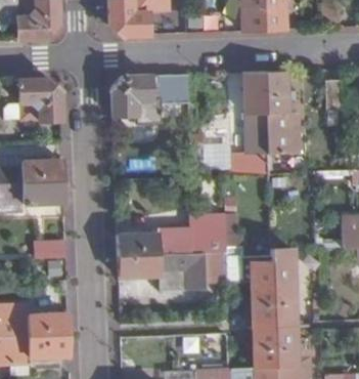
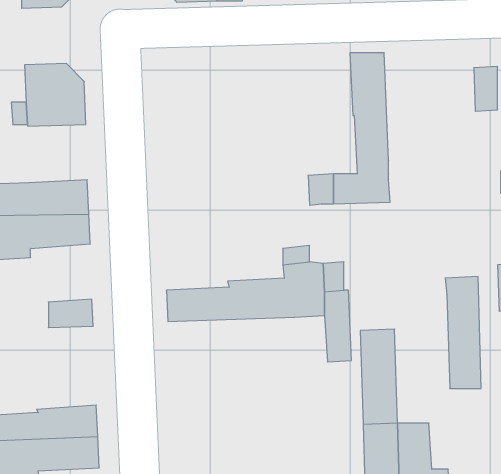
building: [265,70,297,154] -> none
building: [110,73,188,123] -> none
building: [271,248,296,325] -> [445,277,481,388]
building: [117,252,205,289] -> none

